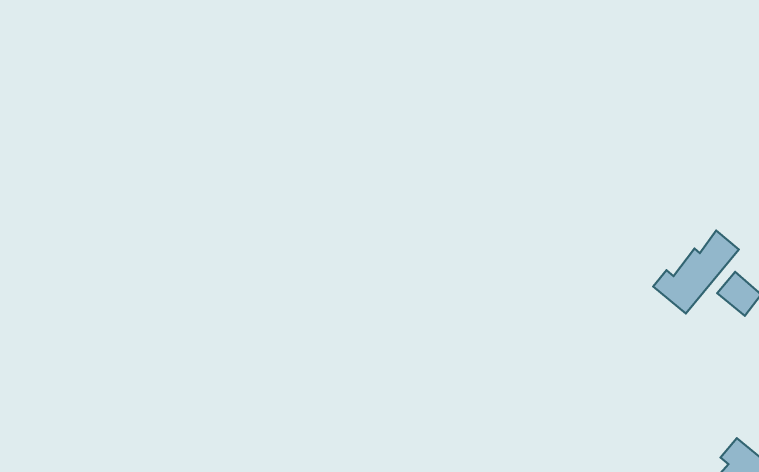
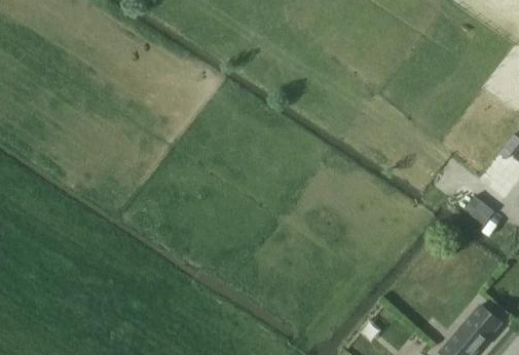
building: [653,231,739,314] -> none

